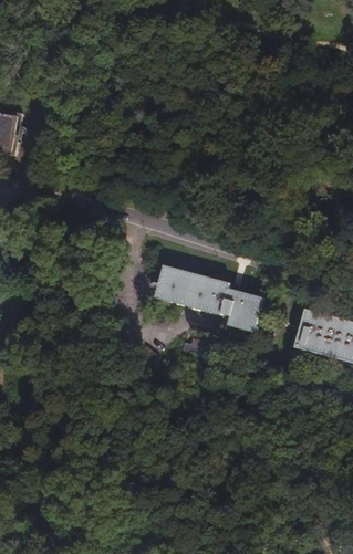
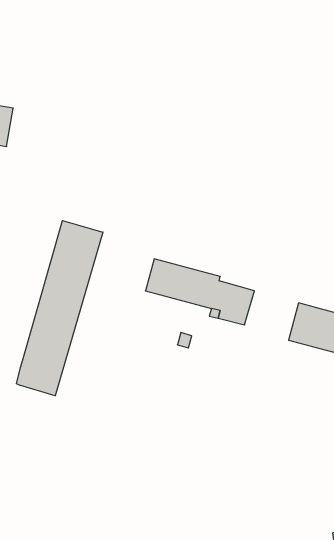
building: none -> [16,221,103,396]

